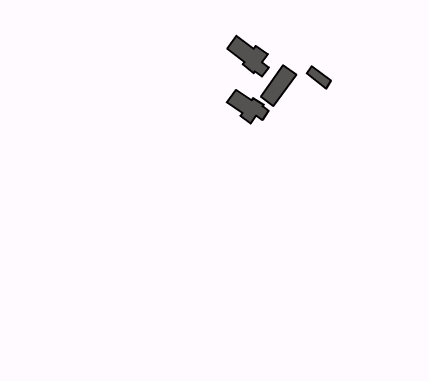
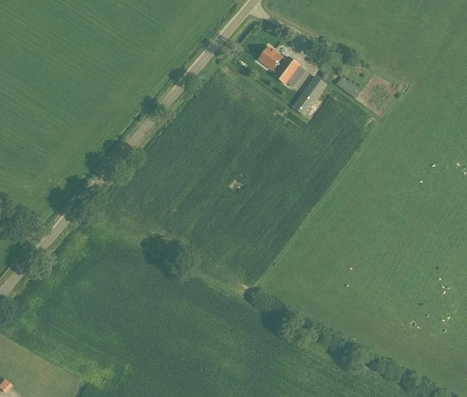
building: [227,90,269,124] -> none

